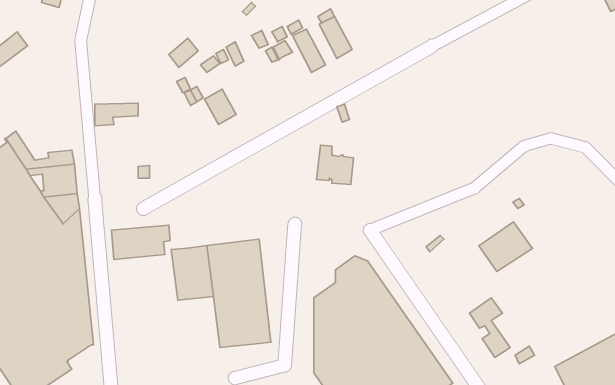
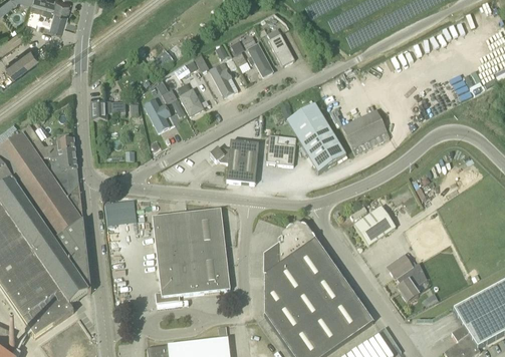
building: none -> [209,64,234,98]
building: none -> [145,99,169,132]
building: none -> [287,103,346,171]
building: none -> [341,109,390,153]
building: none -> [210,140,259,184]
building: [479,222,532,271] -> [353,206,396,245]
building: none -> [156,254,190,302]

